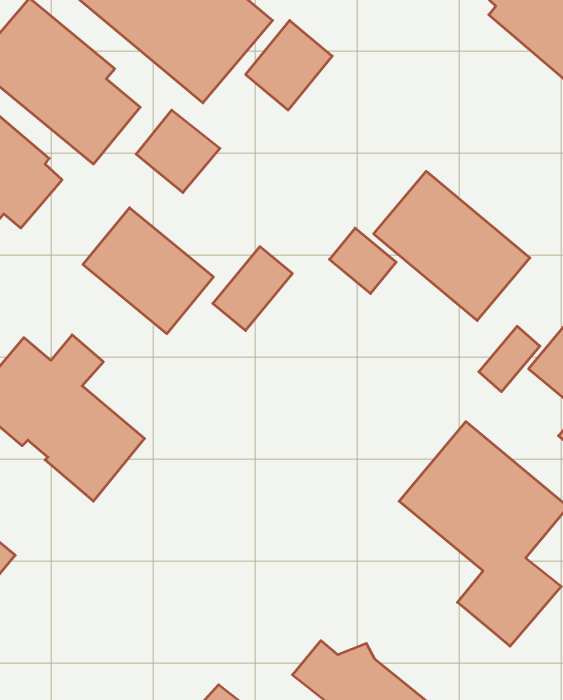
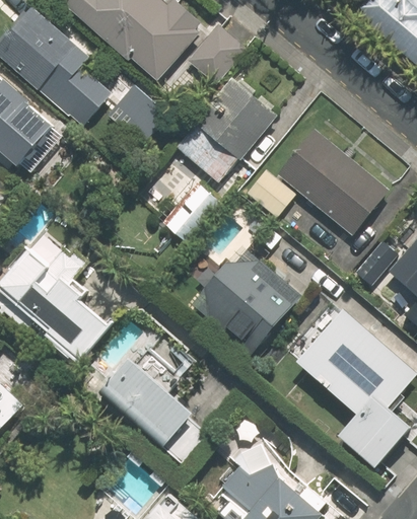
building: none -> [176,78,277,183]
building: [83,208,213,334] -> none
building: none -> [190,246,299,356]
building: none -> [98,358,201,459]

